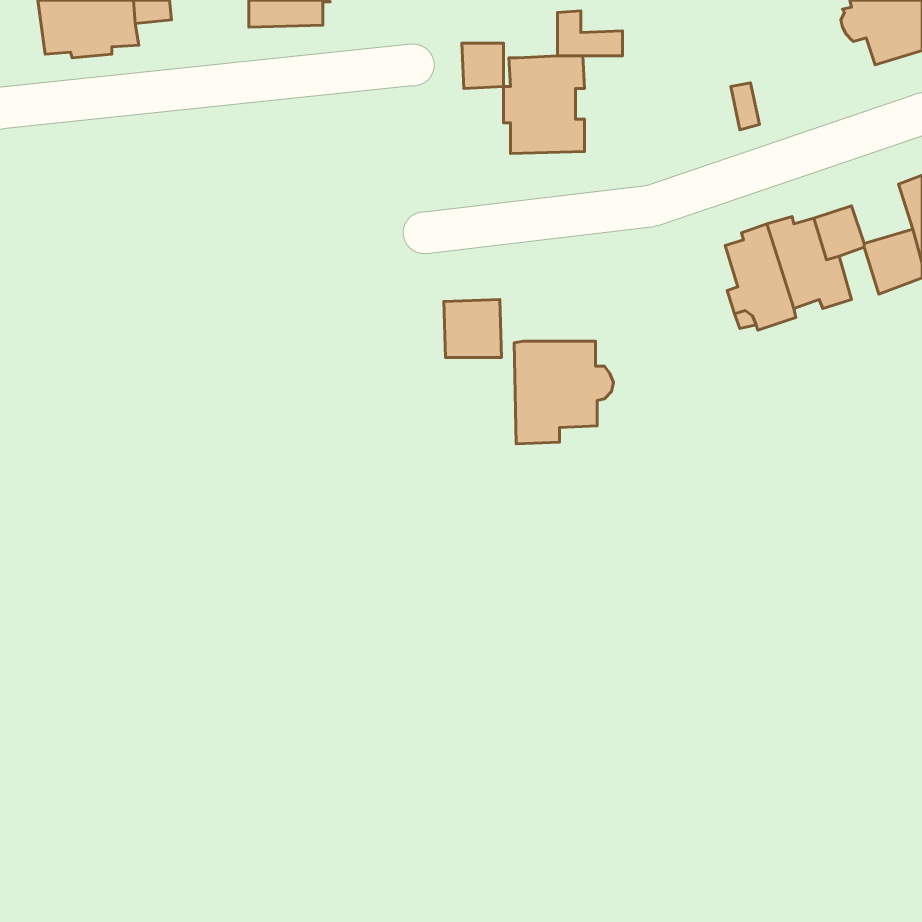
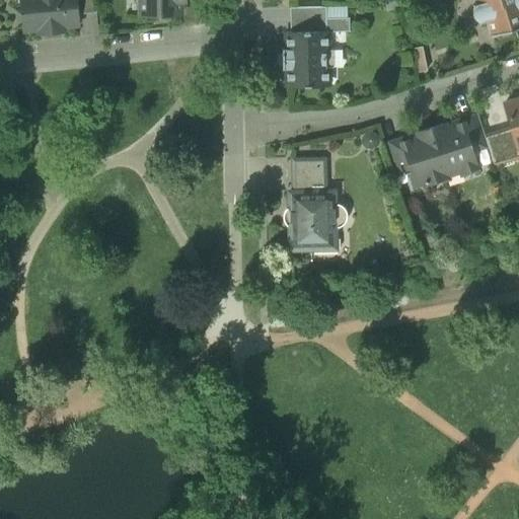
building: [462,43,503,88] -> [290,7,313,32]
building: none -> [386,138,415,168]
building: [444,300,502,357] -> [293,159,325,192]

